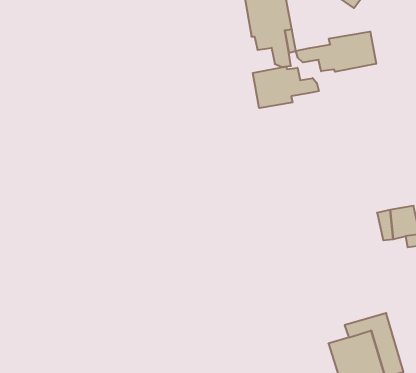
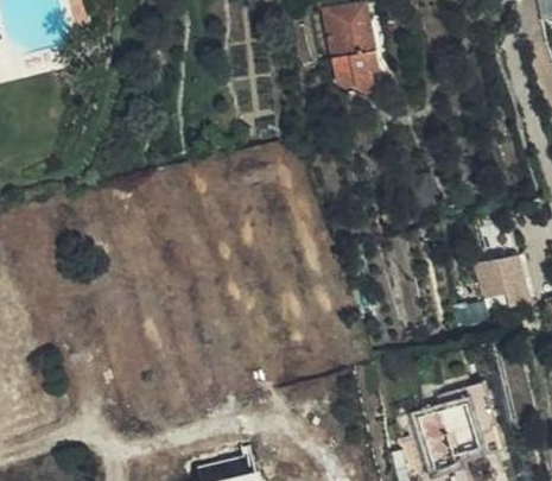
building: [296,32,376,72] -> none
building: [253,66,319,108] -> none

